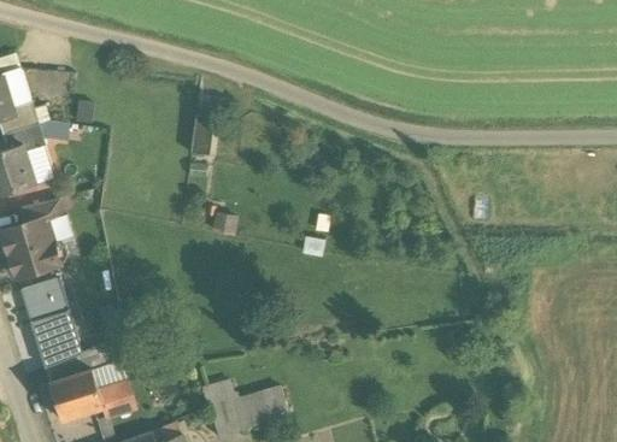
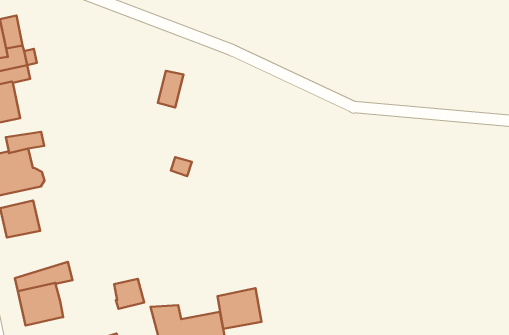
building: [31,312,78,353] -> none
building: none -> [218,288,261,329]
building: [99,382,135,418] -> [114,279,144,309]

